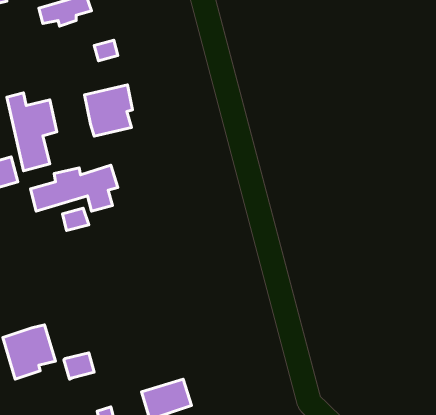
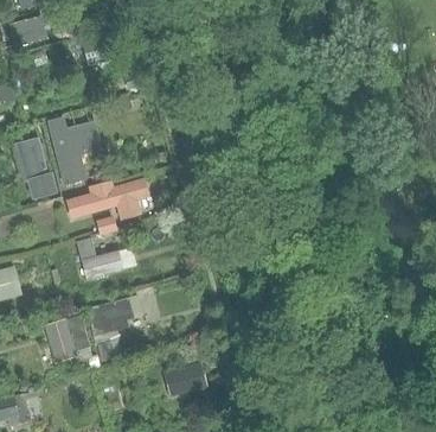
building: [85,85,133,136] -> none
building: none -> [77,236,124,278]
building: none -> [86,297,133,333]

